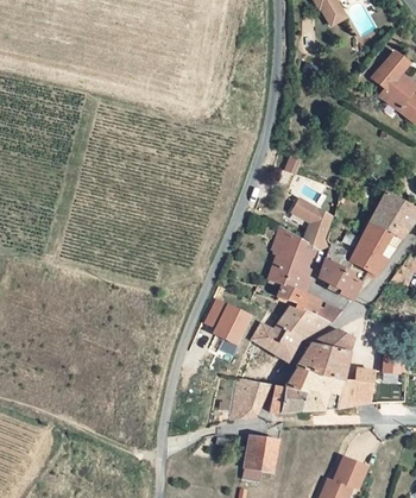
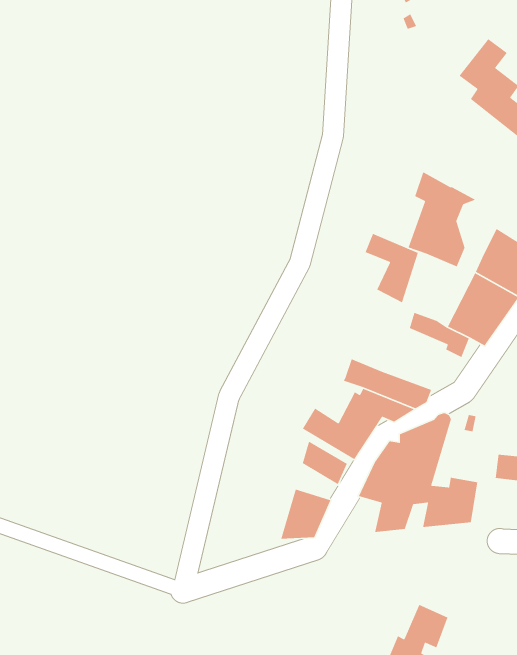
building: [272,223,322,292] -> [408,172,477,267]
building: [322,261,365,298] -> none
building: [207,295,254,342] -> none
building: [273,383,307,411] -> none
building: [233,439,270,479] -> none

